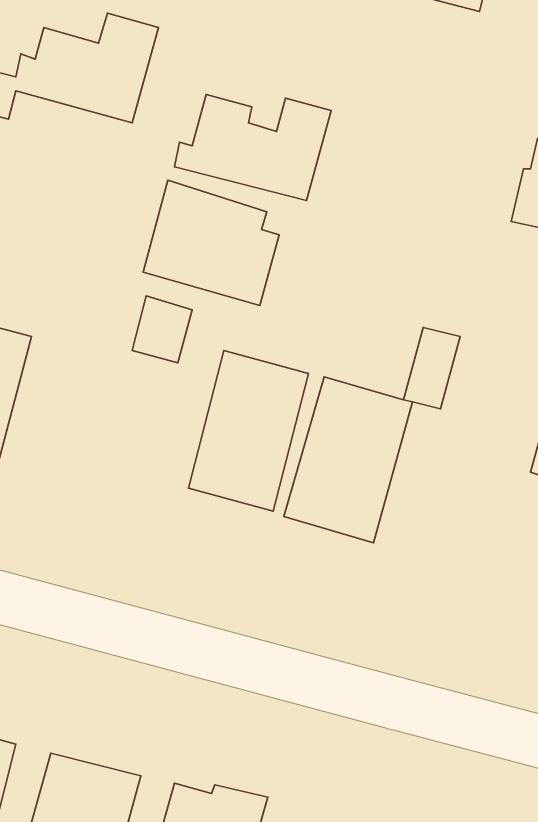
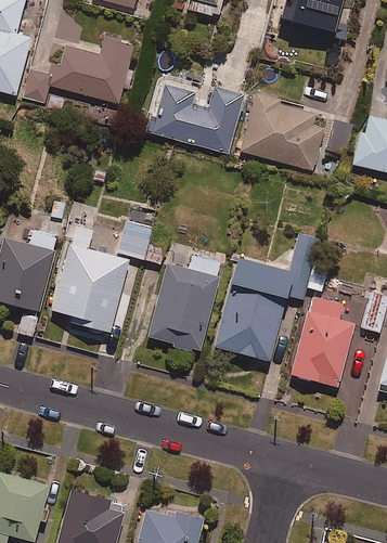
building: [143,180,279,306] -> [241,95,324,172]
building: none -> [51,228,130,334]
building: none -> [295,288,363,380]

